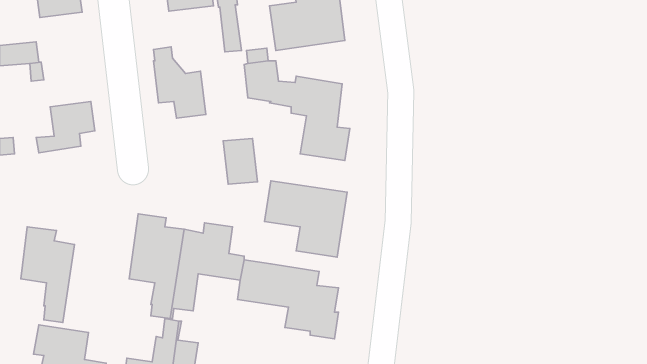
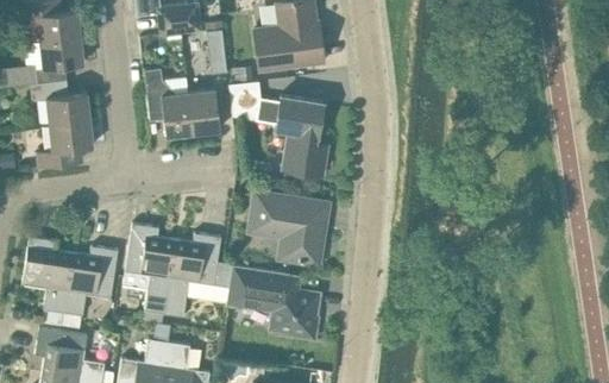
building: none -> [40,37,83,69]
building: none -> [46,94,88,125]
building: [223,138,258,184] -> [190,89,222,132]
building: none -> [62,246,118,326]

